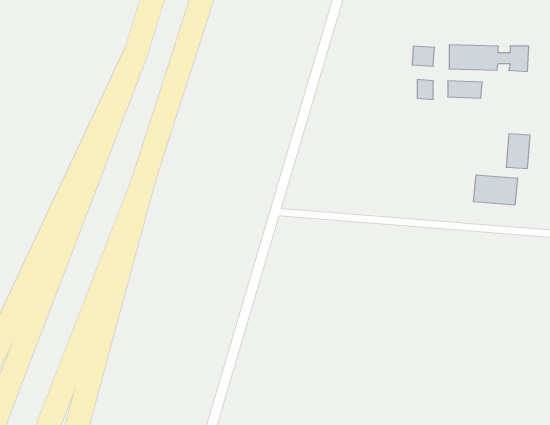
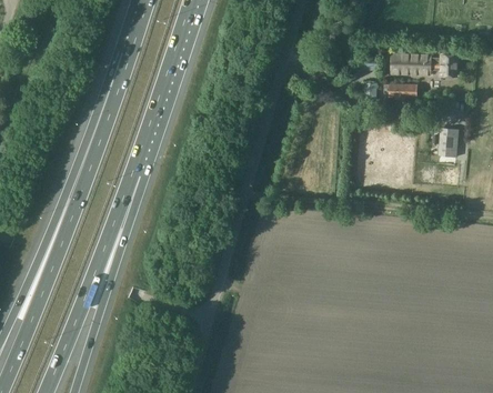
building: [474,175,517,205] -> none

